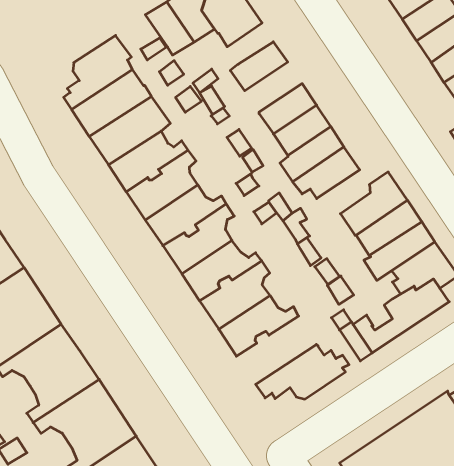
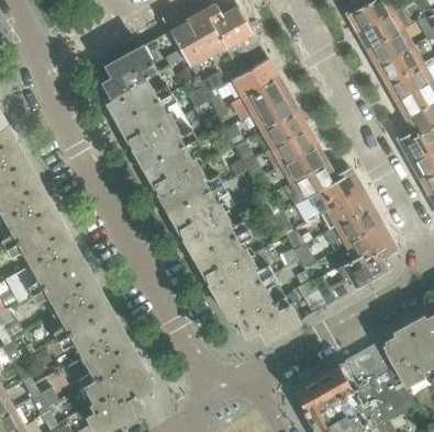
building: none -> [231,76,287,121]
building: none -> [285,163,333,205]
building: none -> [220,273,282,323]

